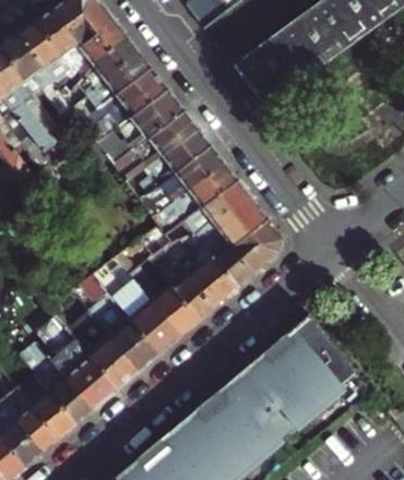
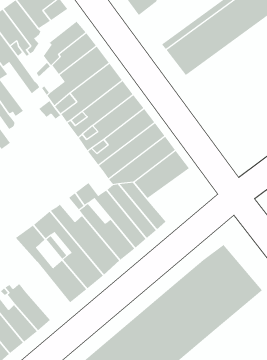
building: [76,21,127,80] -> none
building: [215,220,283,287] -> none
building: [55,338,118,410] -> none

